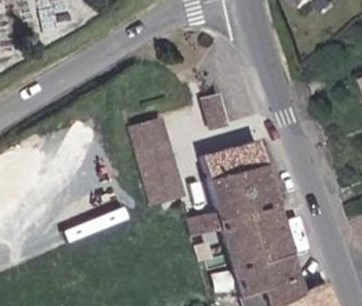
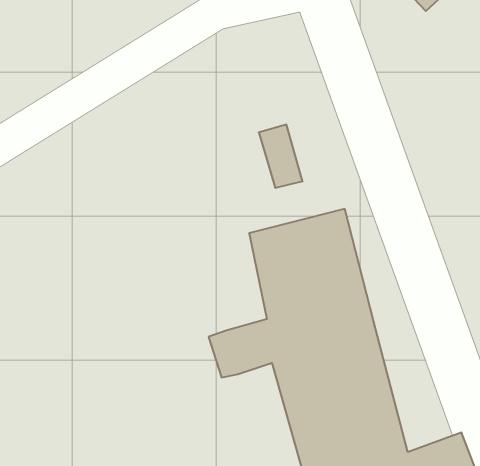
building: [126,109,179,197] -> none

